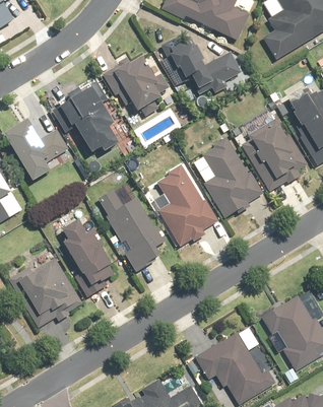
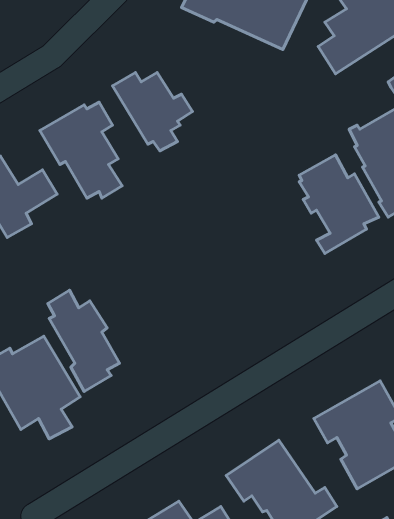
building: [156,38,245,94] -> none
building: [200,136,261,218] -> none
building: [154,164,218,247] -> none
building: [98,191,167,272] -> none

